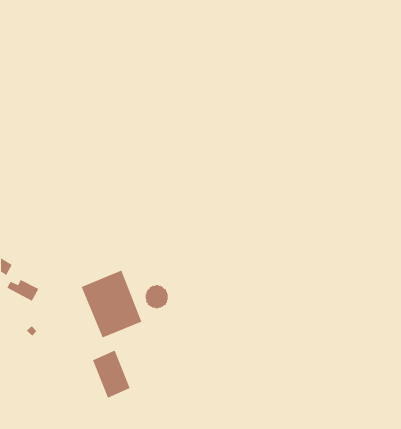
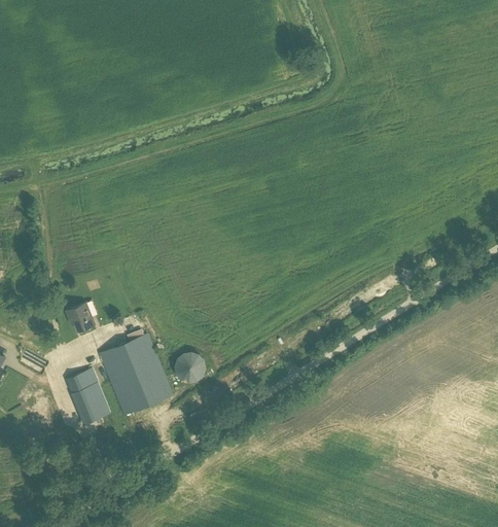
building: none -> [65,302,96,332]
building: [92,350,130,398] -> [66,367,112,426]

